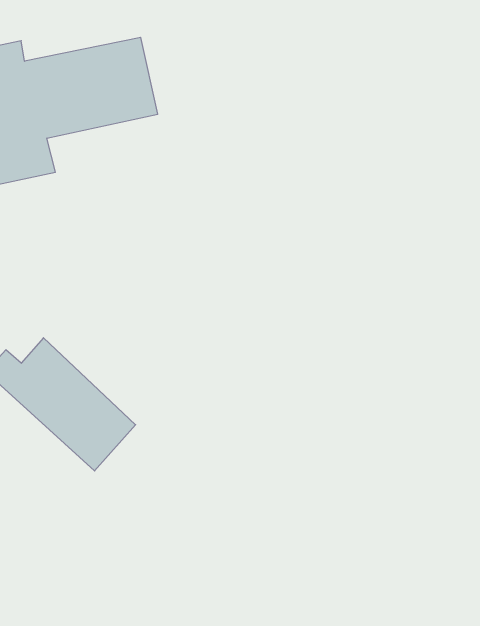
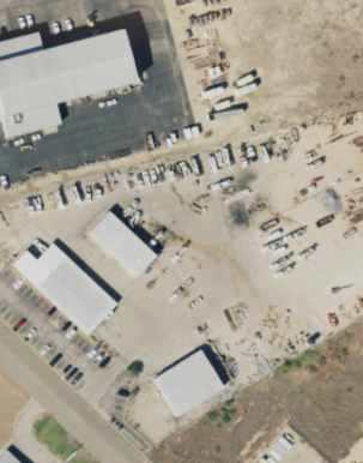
building: none -> [89,210,157,276]
building: none -> [153,349,223,415]

